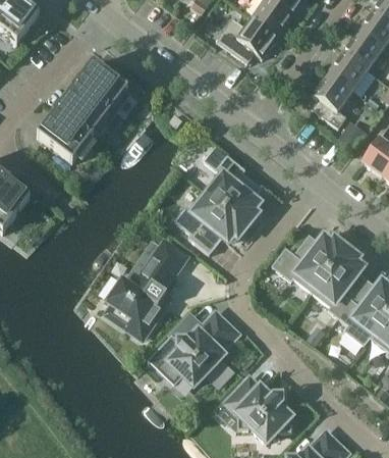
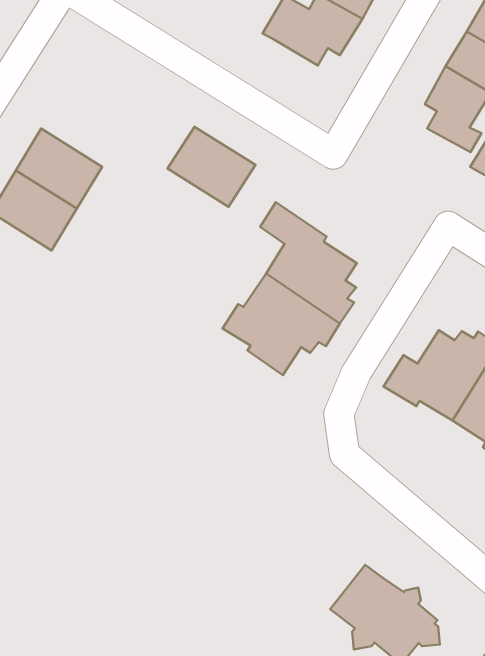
building: [74,59,129,111] -> [168,127,256,207]
building: [108,238,188,334] -> none
building: [168,310,238,384] -> none

